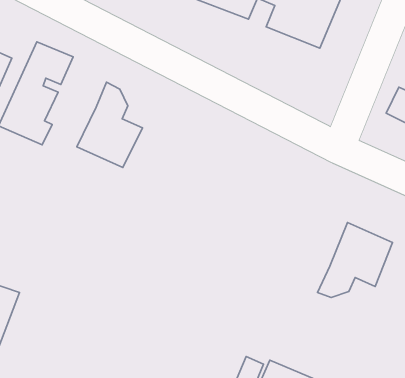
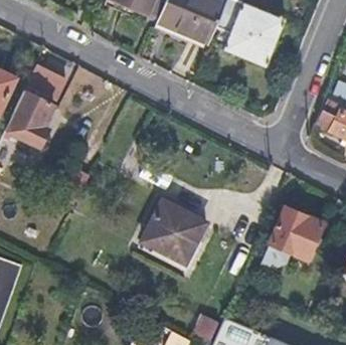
building: [77,82,143,167] -> none
building: none -> [142,200,205,263]

